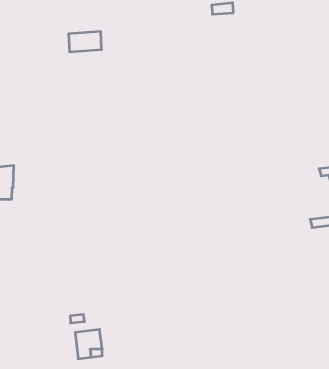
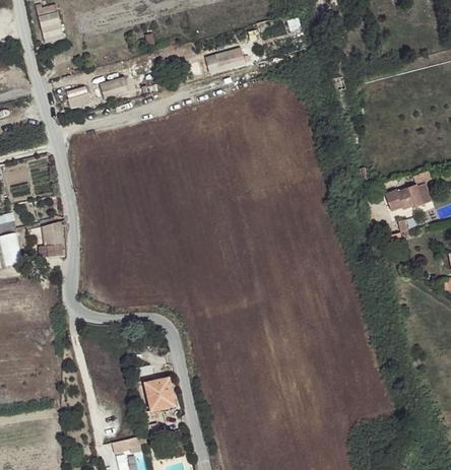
building: none -> [206,47,247,73]
building: none -> [67,85,92,108]

